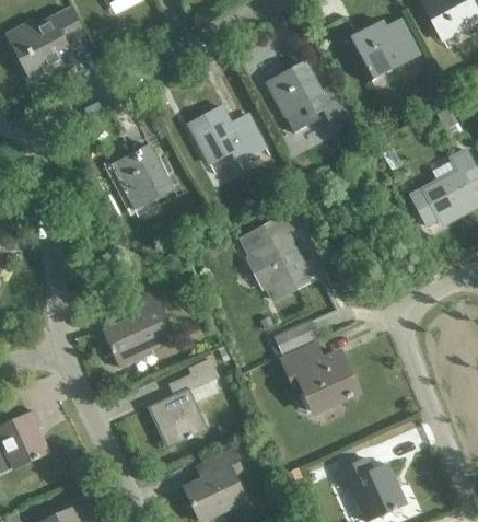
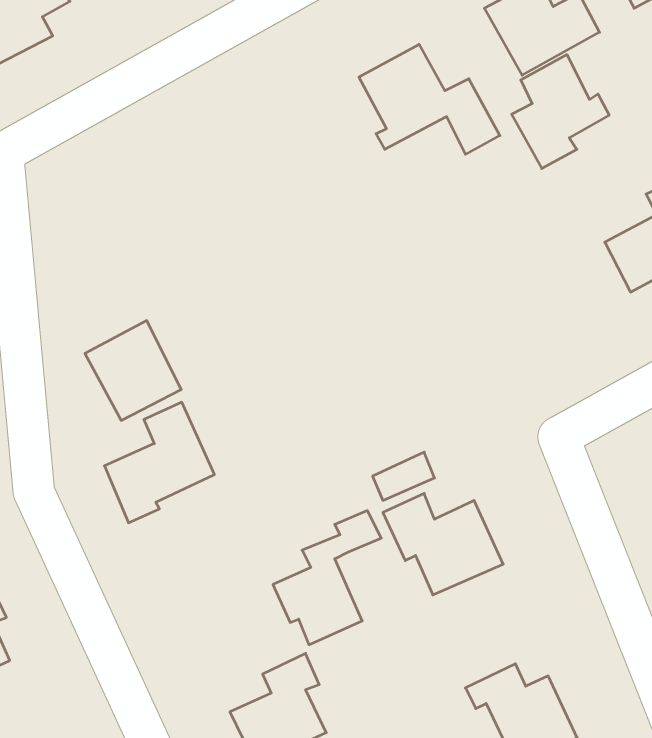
building: none -> [512,55,609,169]
building: [188,106,265,163] -> none
building: [109,146,171,209] -> [85,321,181,420]
building: [241,214,319,300] -> none
building: [149,359,218,444] -> [273,511,381,645]

